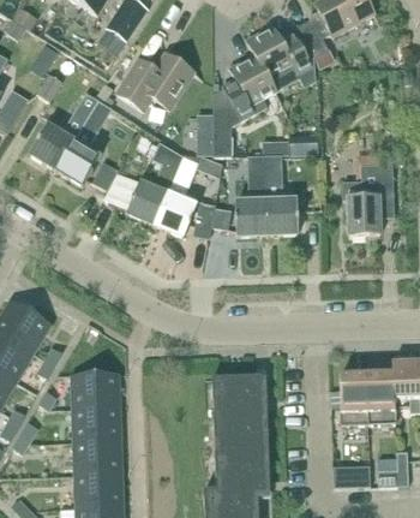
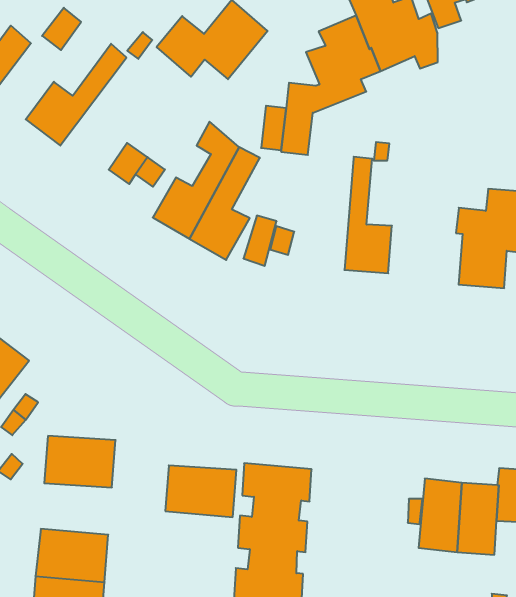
building: [56,102,109,185] -> none
building: [235,155,266,236] -> none
building: [72,406,121,441] -> [165,465,236,517]

